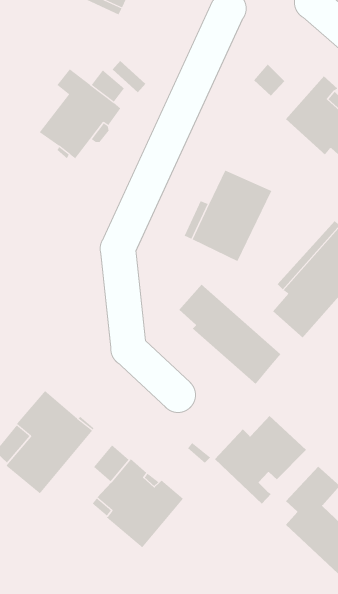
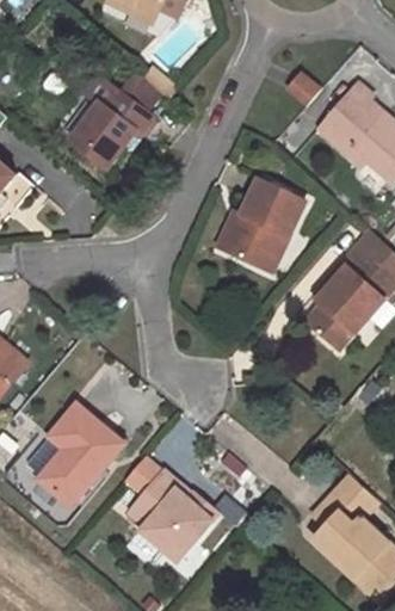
building: [178,284,281,385] -> none
building: [214,415,307,505] -> none

